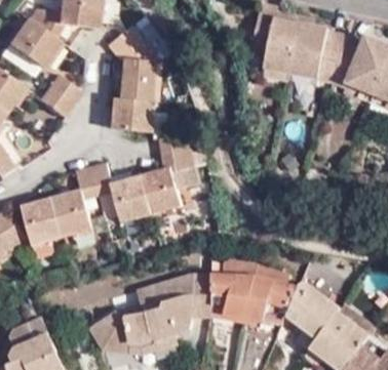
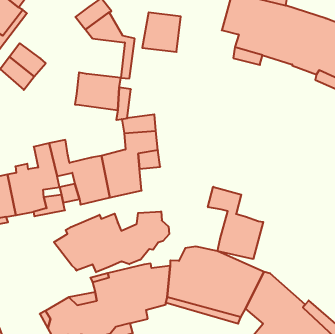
building: [122,65,157,100] -> [142,12,181,52]
building: none -> [208,187,263,259]
building: none -> [54,211,169,272]

